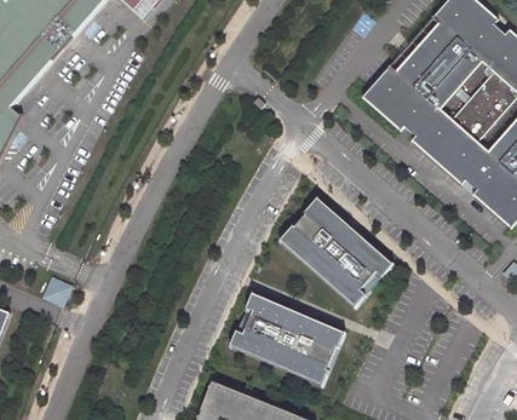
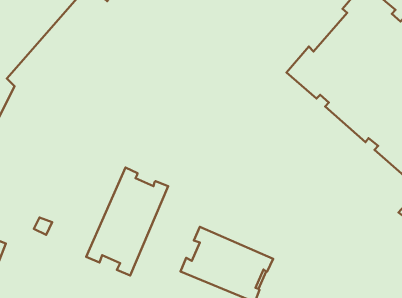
building: [278,196,394,307] -> none
building: none -> [86,167,168,276]

